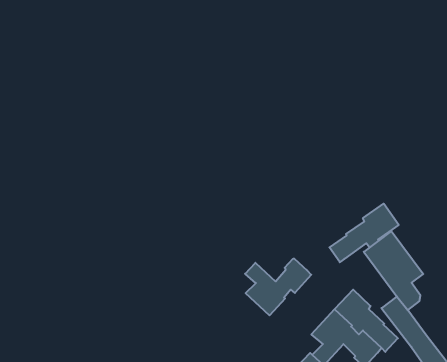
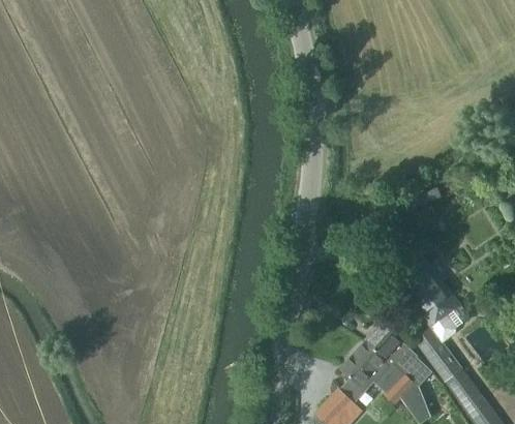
building: [329,204,399,262] -> none
building: [245,259,311,315] -> none

